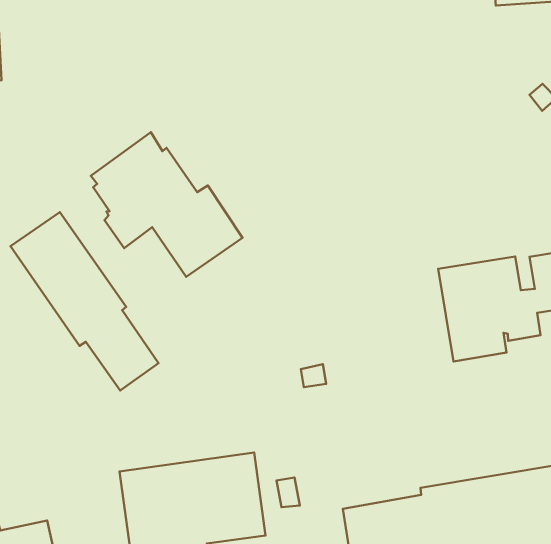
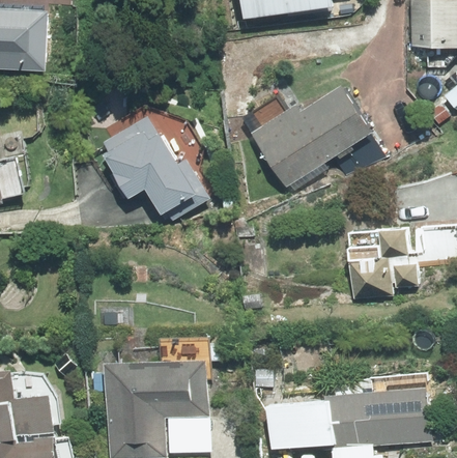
building: none -> [249,82,388,188]
building: [10,212,158,391] -> none

